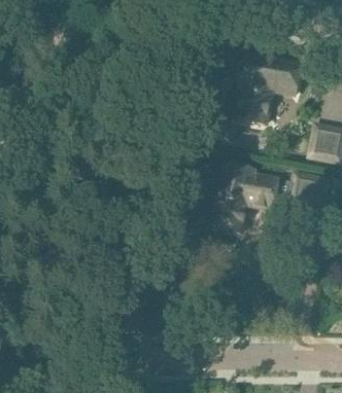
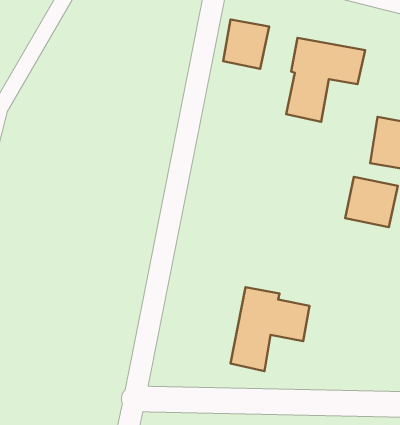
building: none -> [223,19,269,69]
building: [212,164,277,233] -> [231,287,309,371]

